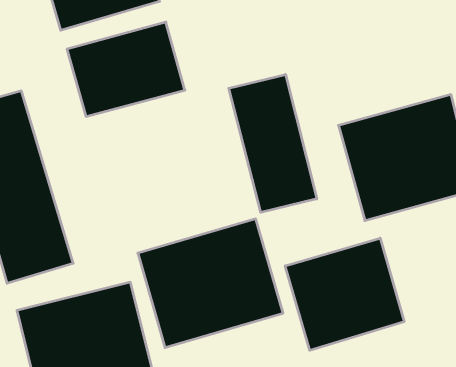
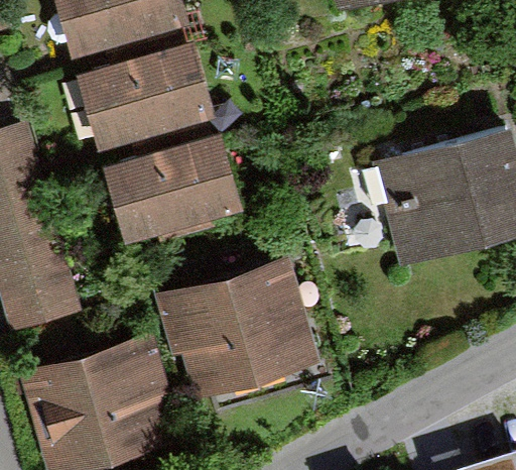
building: [229,74,317,212] -> none
building: none -> [105,140,240,243]
building: [285,238,404,350] -> none

